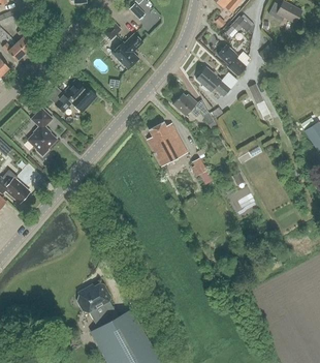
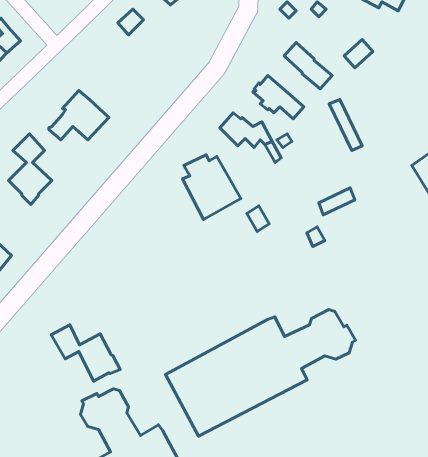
building: [111,33,142,69] -> none
building: none -> [166,309,356,436]
building: none -> [51,325,120,381]

